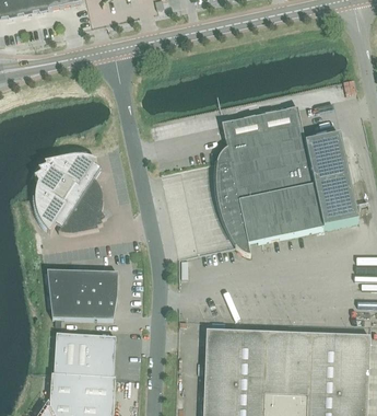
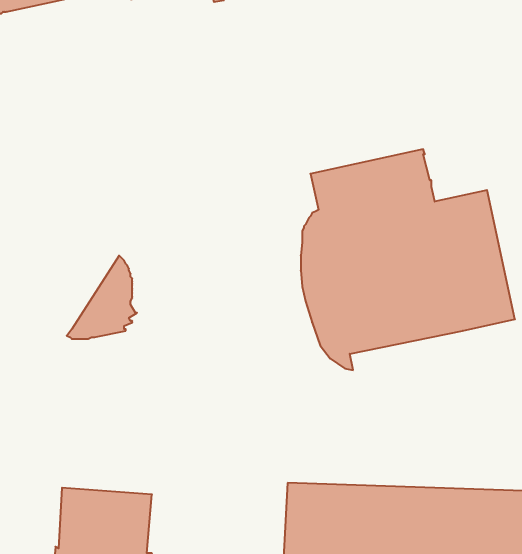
building: [35,153,101,230] -> none
building: [48,269,118,317] -> none

